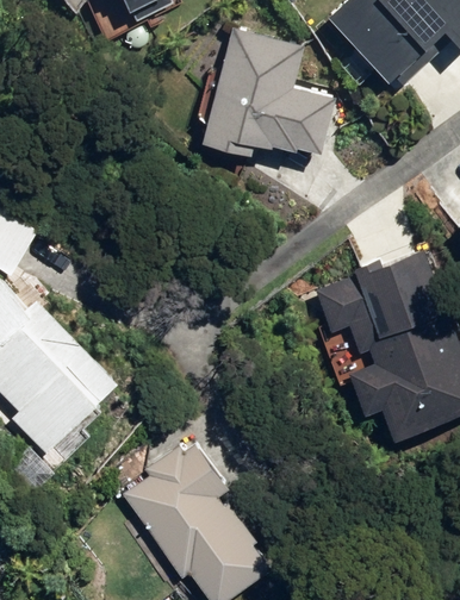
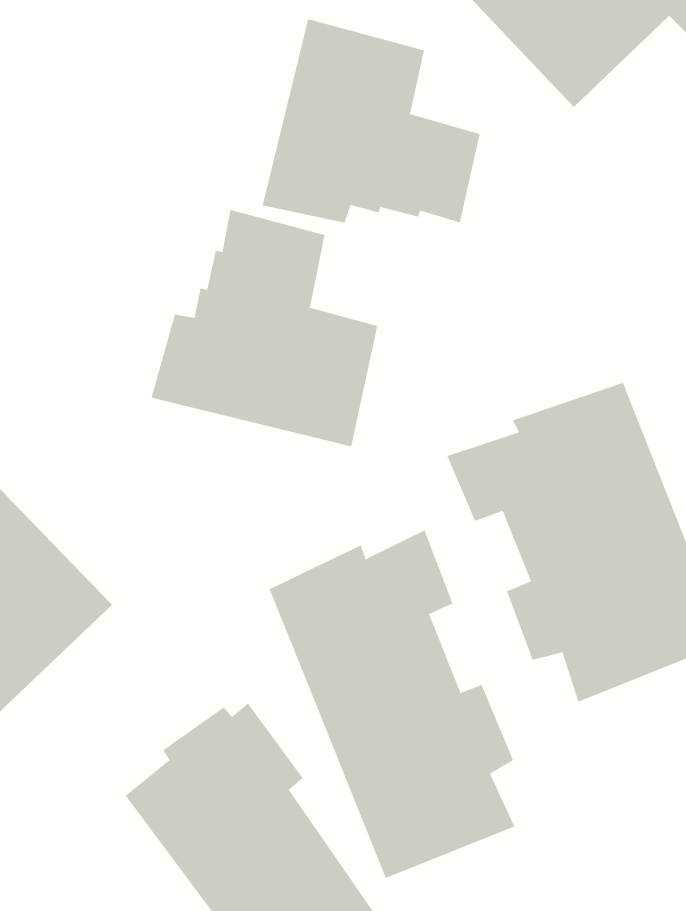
building: none -> [151,209,378,447]
building: none -> [269,530,515,879]

